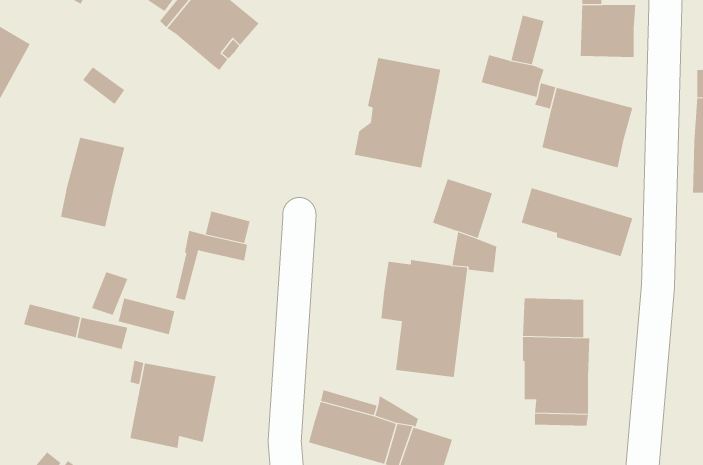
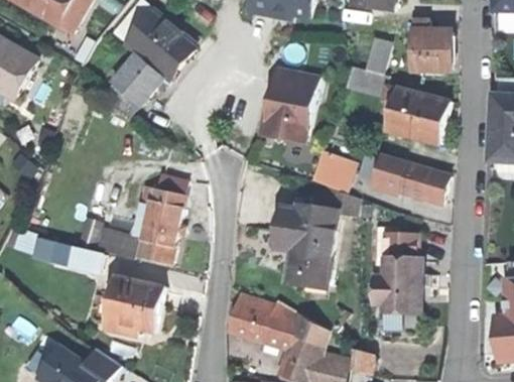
building: none -> [110,52,162,106]
building: [60,137,125,227] -> [139,201,183,262]

